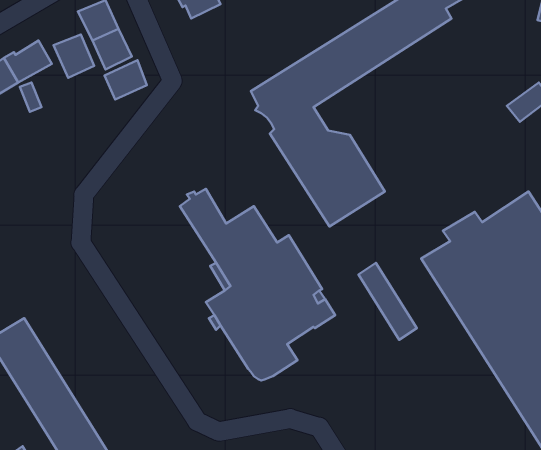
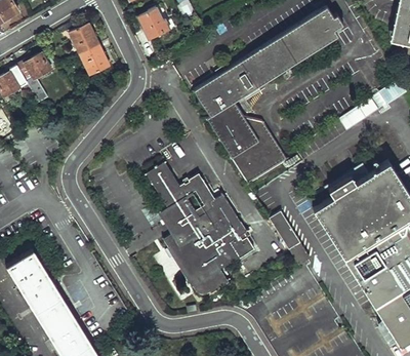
building: [53,34,94,78] -> none
building: [105,60,147,99] -> none

